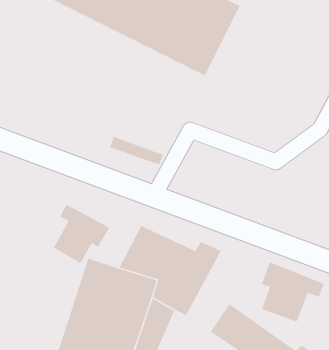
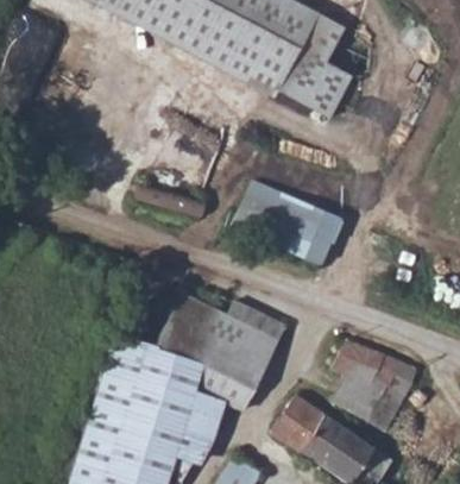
building: none -> [273,11,348,114]
building: none -> [238,188,344,264]
building: [53,204,110,264] -> none

